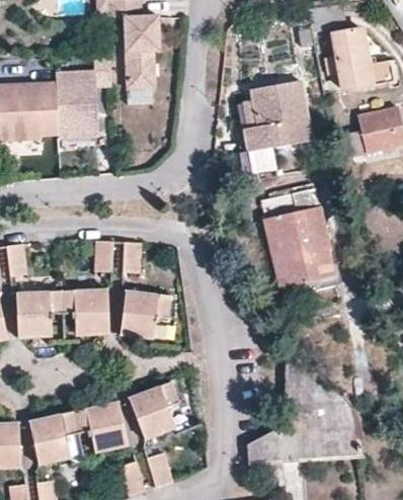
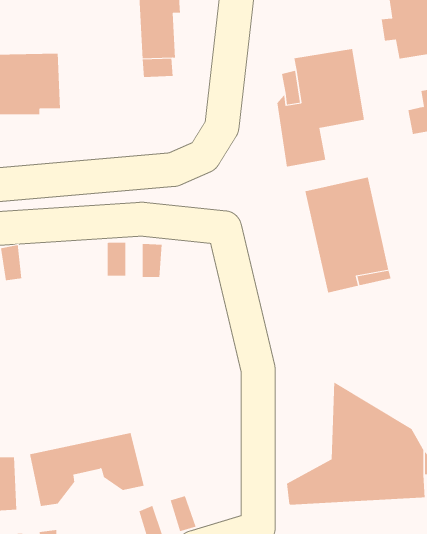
building: [56,54,113,135] -> none
building: [20,289,107,336] -> none
building: [122,291,170,337] -> none
building: [130,382,180,438] -> none

